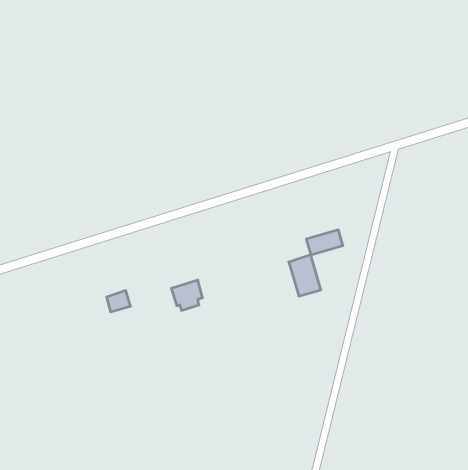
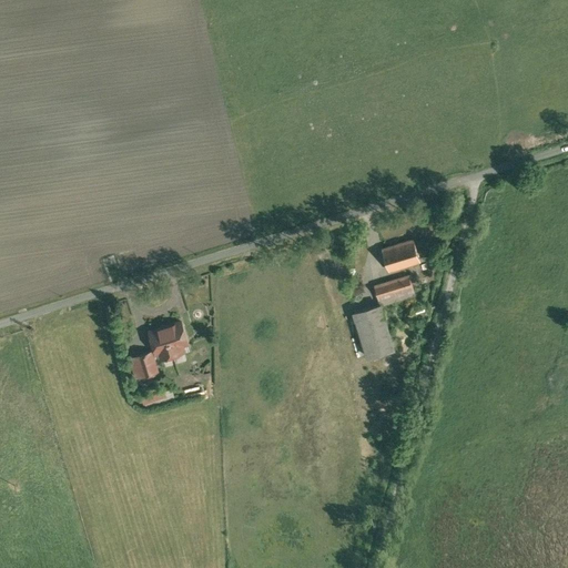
building: none -> [385,239,423,271]
building: [171,280,203,310] -> [152,321,190,357]

